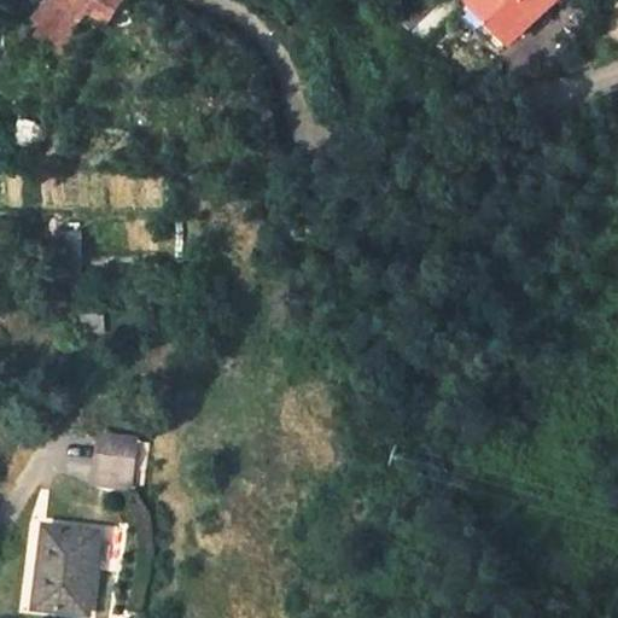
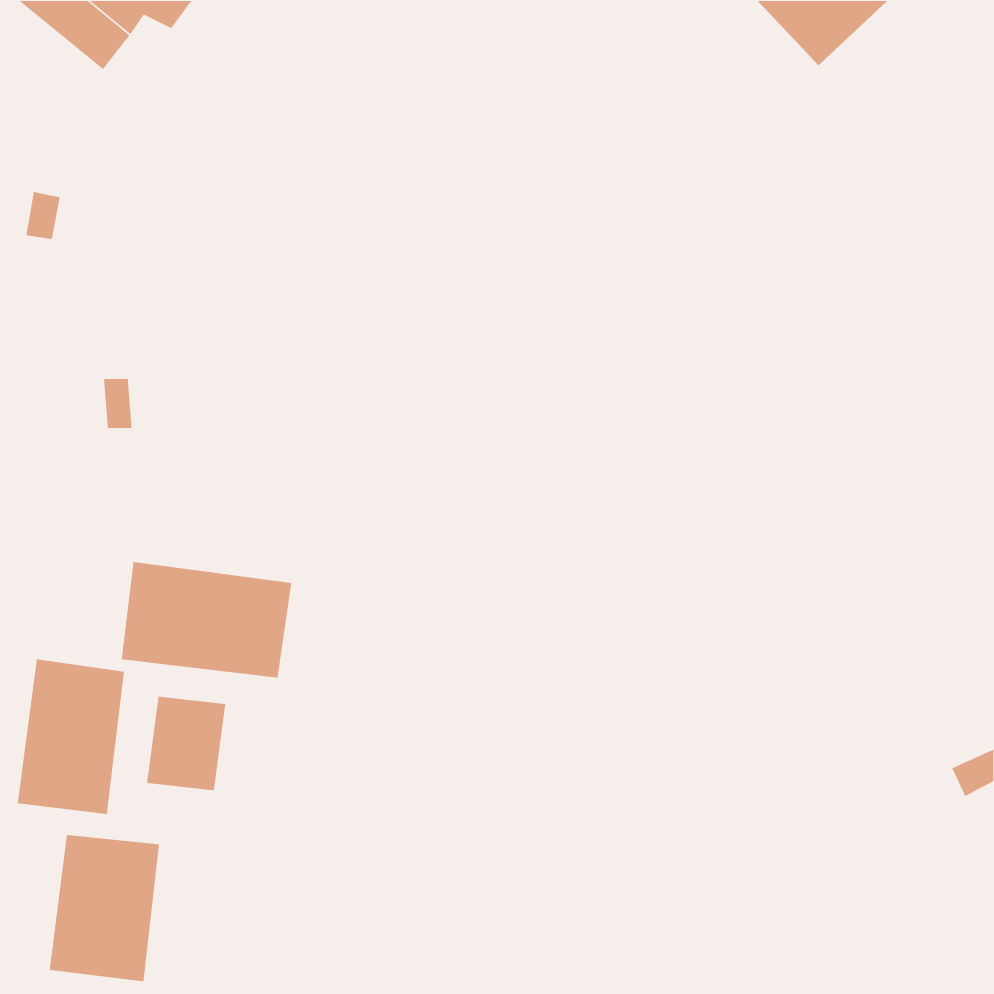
building: none -> [121,561,292,679]
building: none -> [17,658,125,815]

